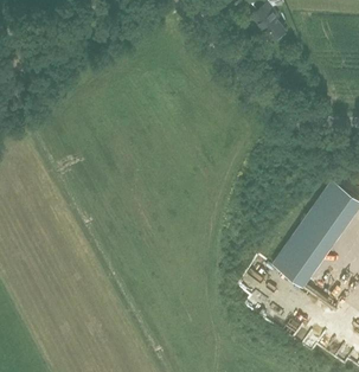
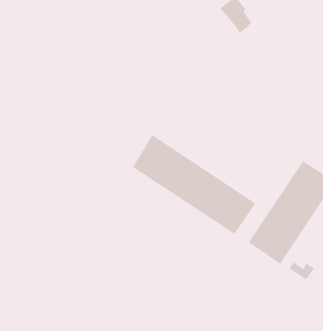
building: none -> [132,134,256,235]

